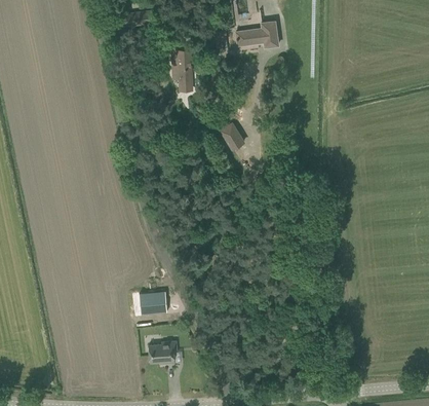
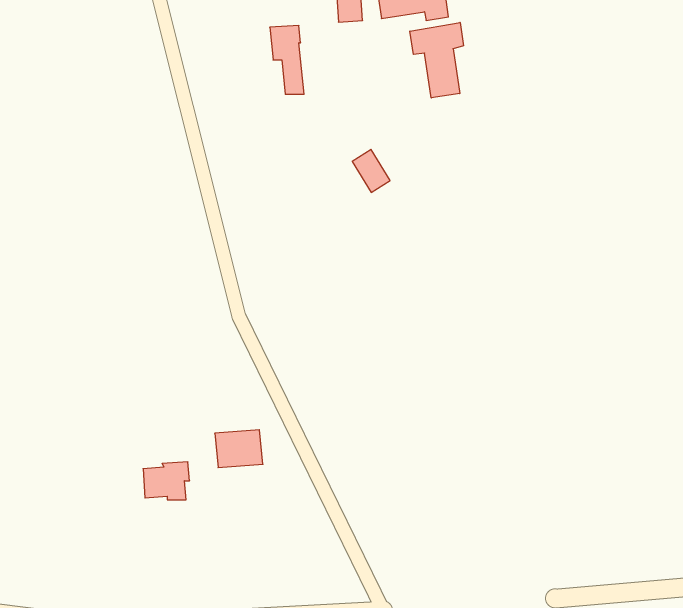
building: none -> [410,22,464,98]
building: [149,340,177,363] -> [143,462,190,500]

